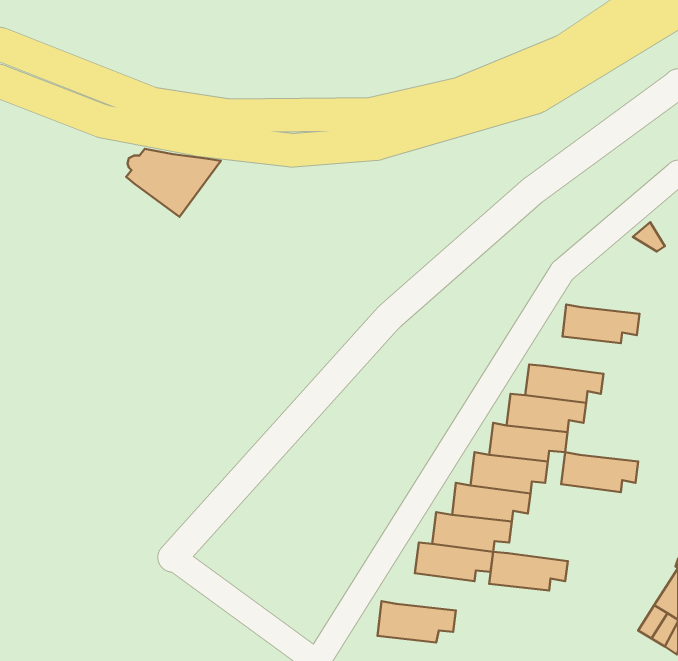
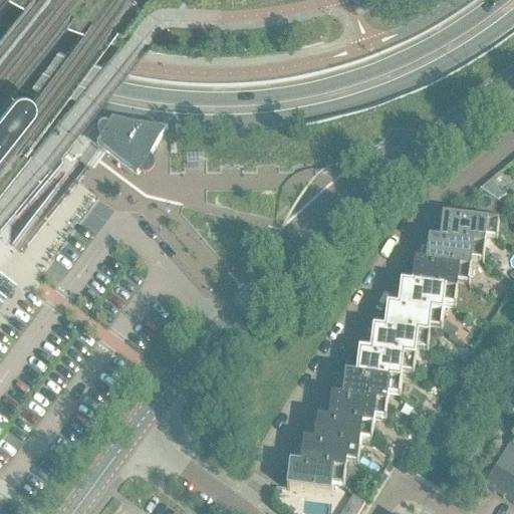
building: none -> [439,208,497,237]
building: [561,452,638,492] -> [411,252,469,282]
building: [489,552,568,590] -> [299,432,358,461]

